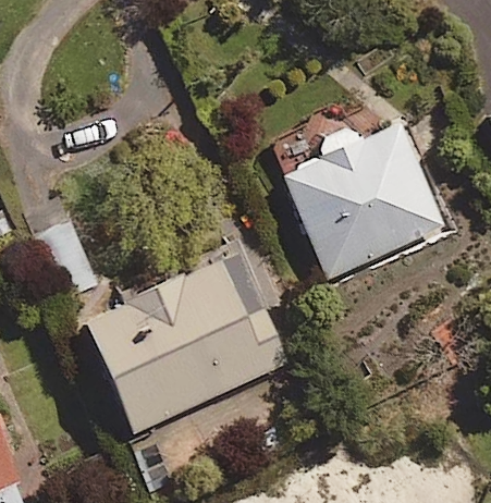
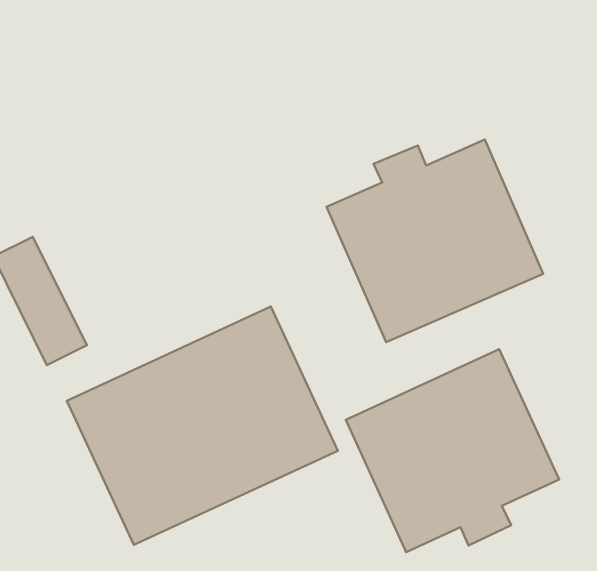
building: none -> [346,349,559,552]

